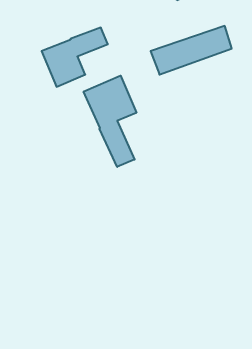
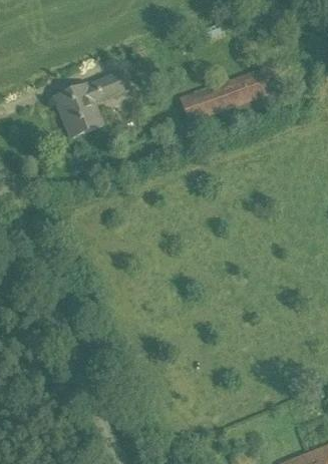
building: [84,76,136,167] -> none

